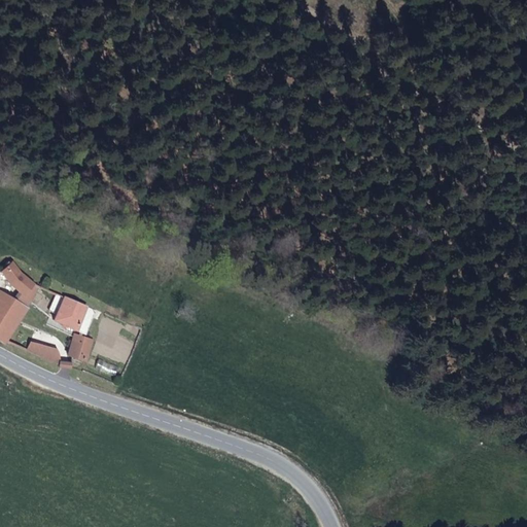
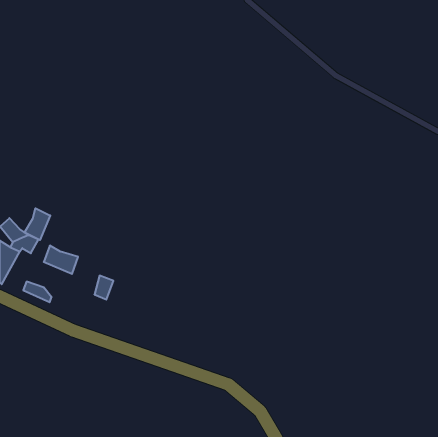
building: none -> [24,208,50,240]
building: [69,331,92,360] -> [94,276,113,300]

